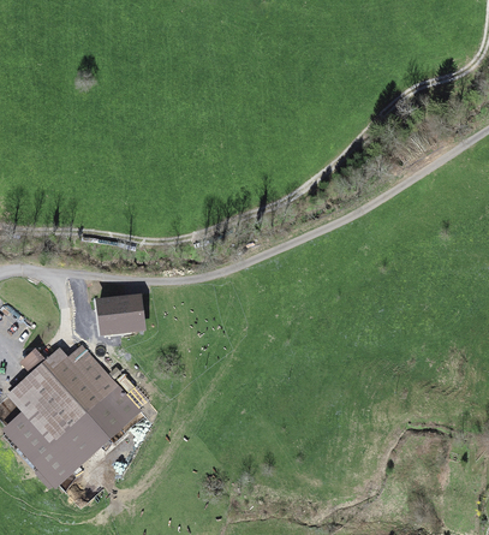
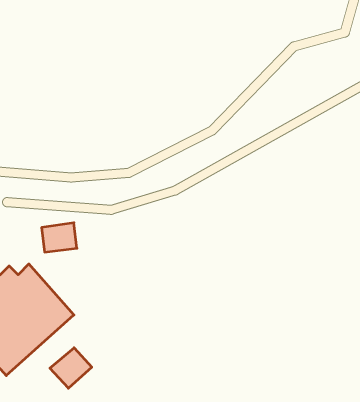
building: none -> [50,348,92,388]

